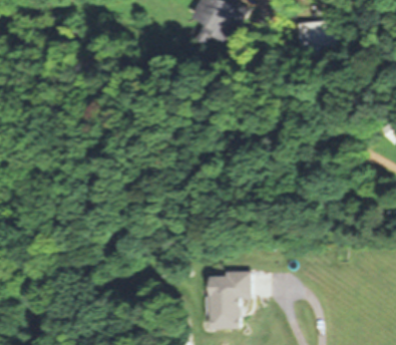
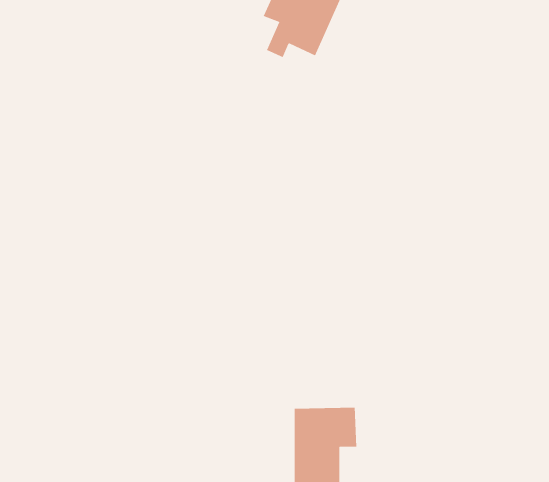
building: [296,20,333,48] -> none

